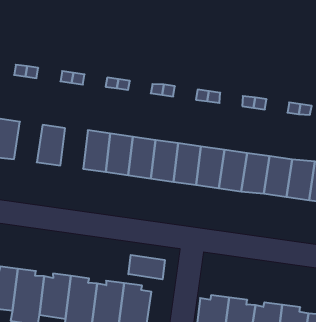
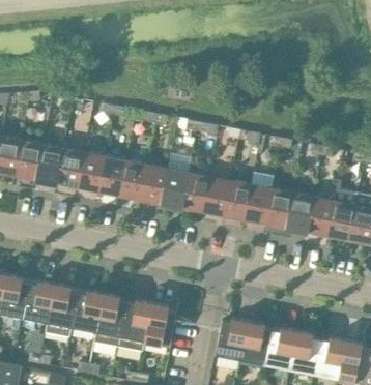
building: none -> [57,149,85,187]
building: none -> [99,157,126,196]
building: [128,255,165,279] -> none

